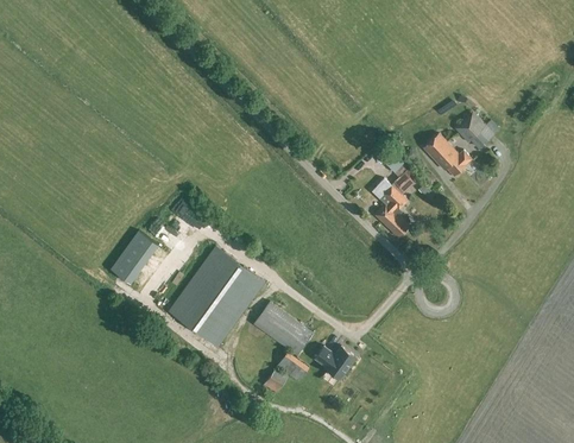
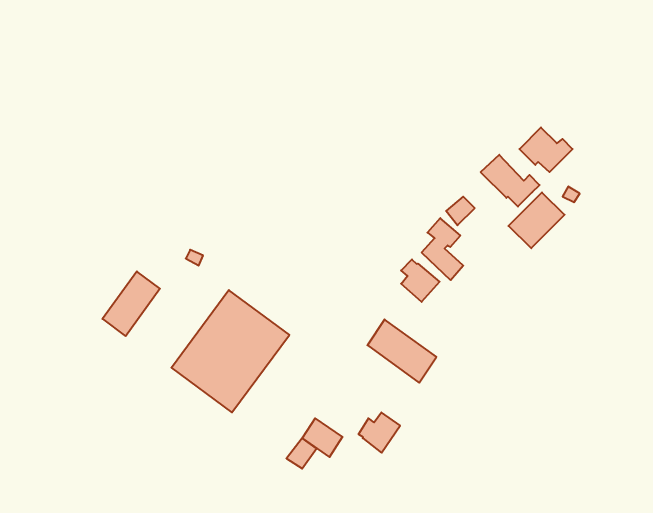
building: none -> [508,192,565,248]
building: none -> [401,259,440,302]
building: [254,303,311,355] -> [367,319,436,383]

